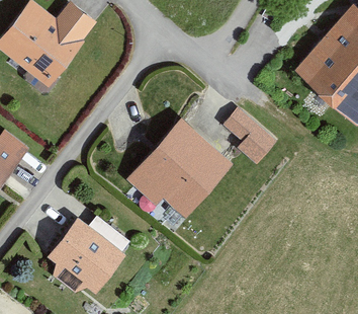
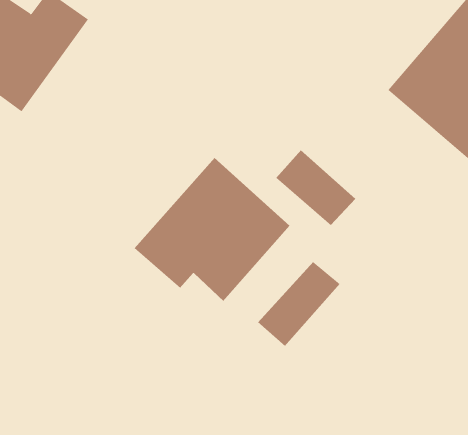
building: none -> [257,261,340,347]
building: [46,214,129,296] -> none

